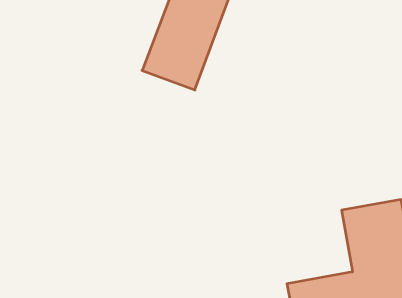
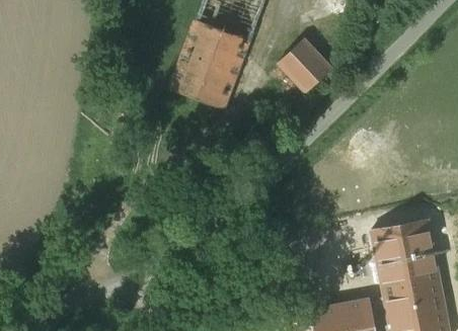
building: none -> [276,38,330,93]

